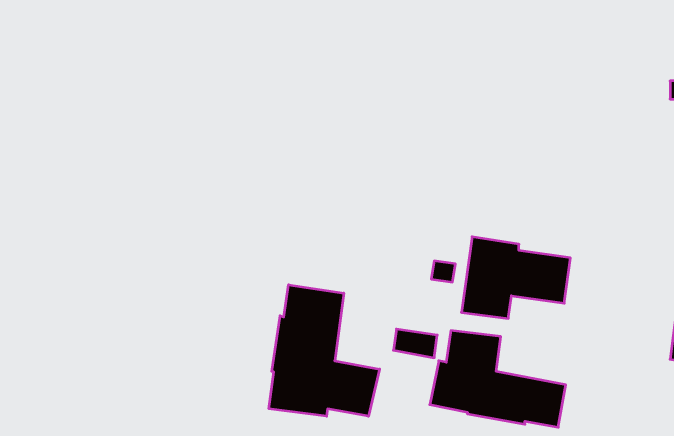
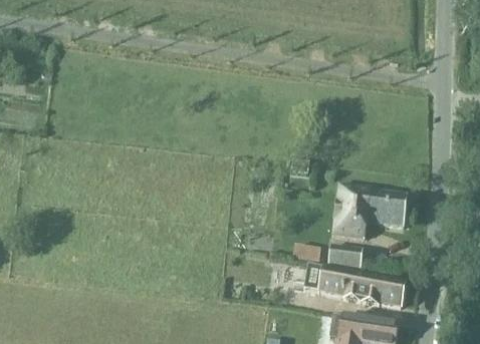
building: [269,285,380,416] -> none

